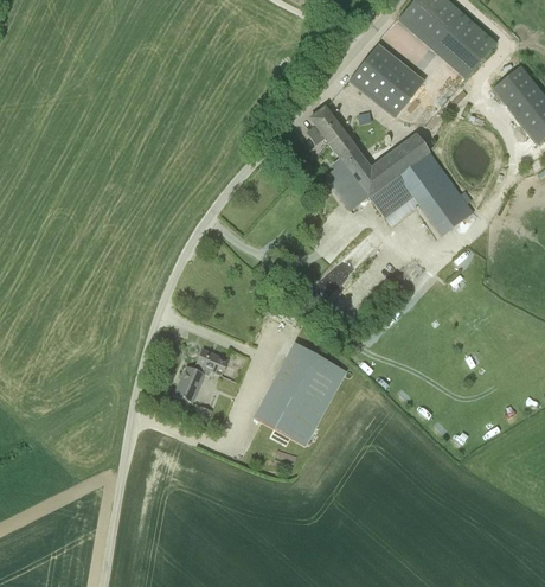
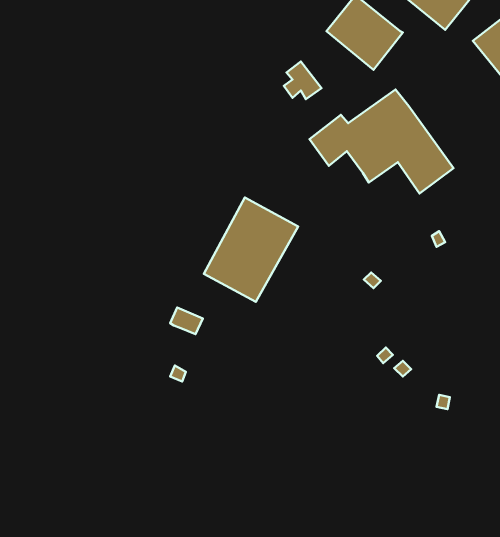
building: [327,133,364,183] -> none
building: [255,342,347,444] -> [204,198,298,302]
building: [174,365,207,401] -> none

